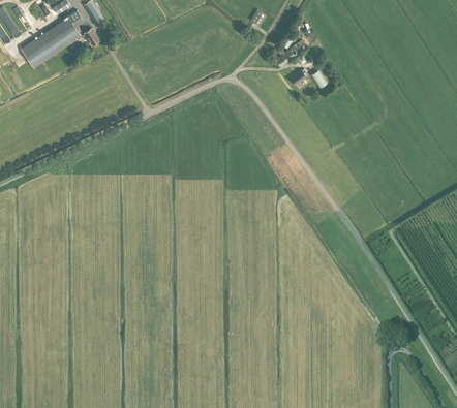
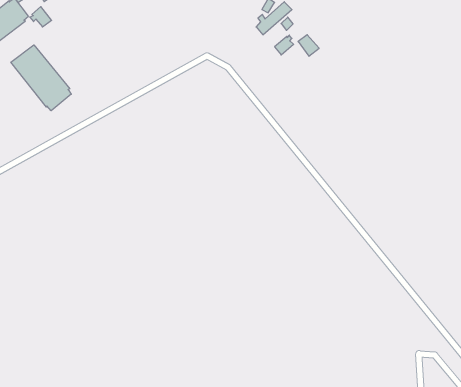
building: none -> [11,45,71,111]

